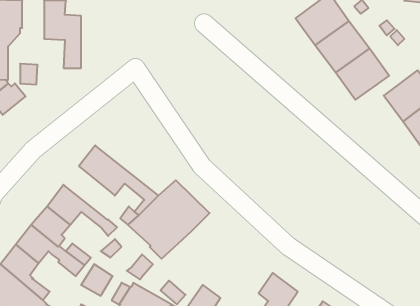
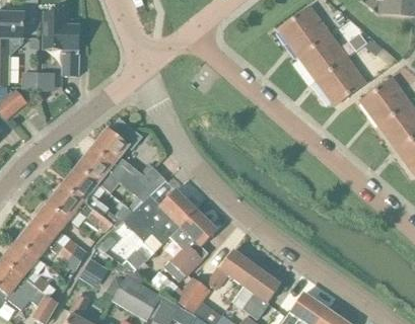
building: none -> [91,118,166,193]
building: none -> [62,166,108,216]
building: none -> [164,210,217,281]
building: none -> [206,249,257,289]

